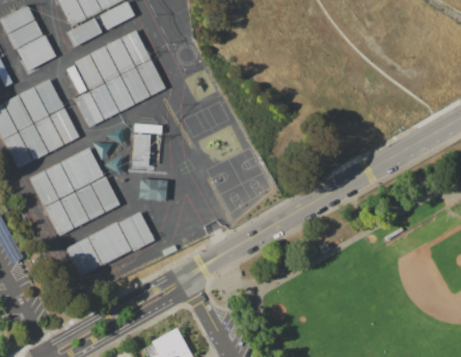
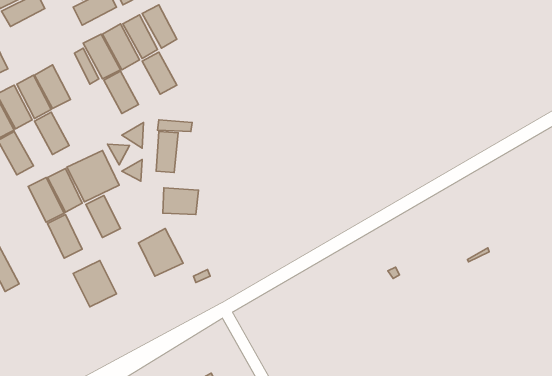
building: [17,35,56,71] -> none
building: [137,60,165,94] -> none
building: [106,77,134,111] -> none
building: [75,91,104,127] -> none
building: [51,109,79,143] -> none
building: [20,126,48,159] -> none
building: [91,176,119,212] -> none
building: [60,193,88,227] -> none
building: [88,222,130,264] -> none

